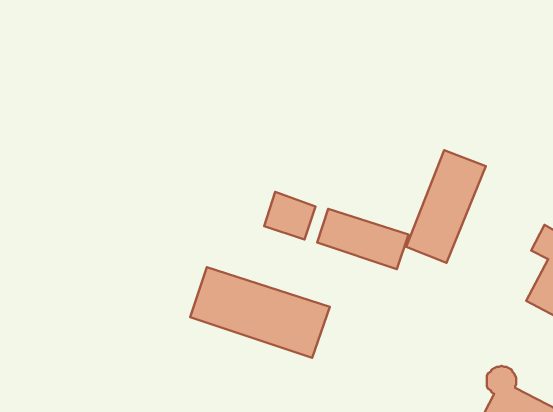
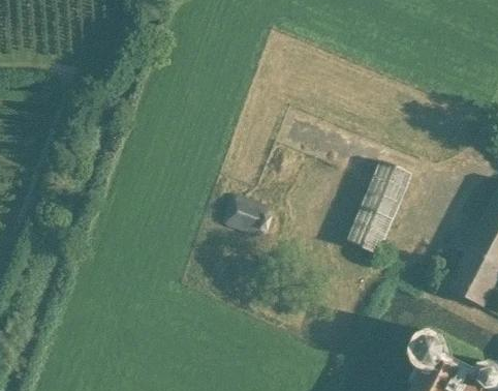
building: [317,209,409,269] -> none
building: [190,267,330,358] -> none

